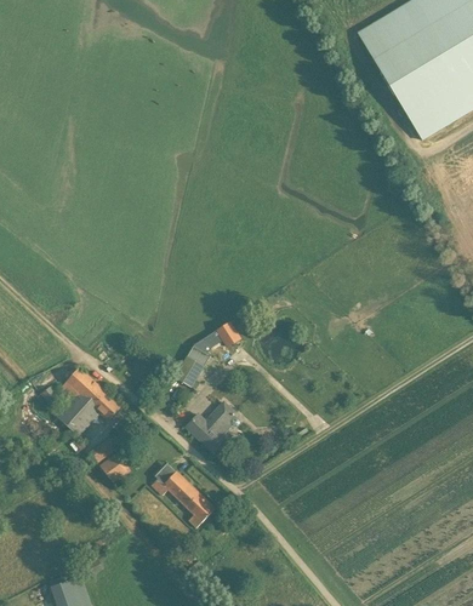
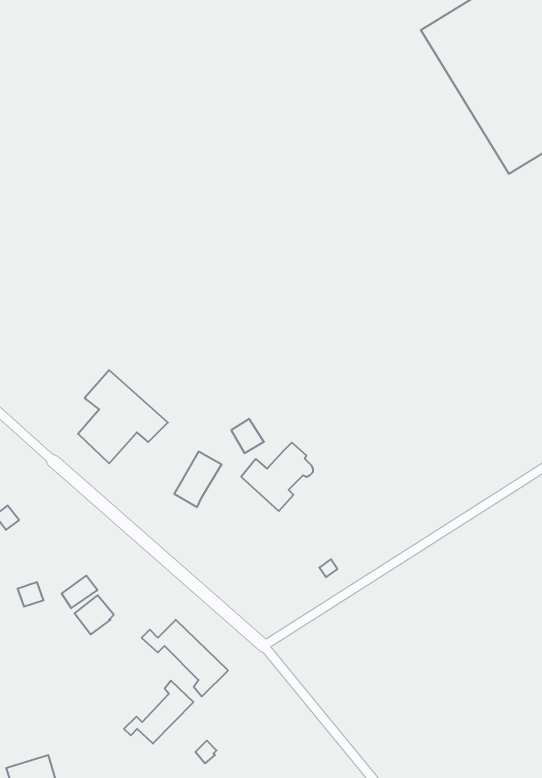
building: [56,367,122,436] -> [78,370,168,463]
building: [187,401,240,452] -> [241,443,313,511]
building: none -> [124,681,193,744]

